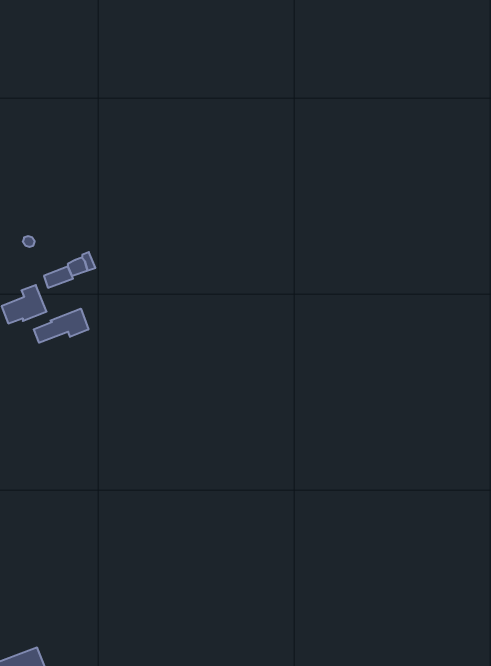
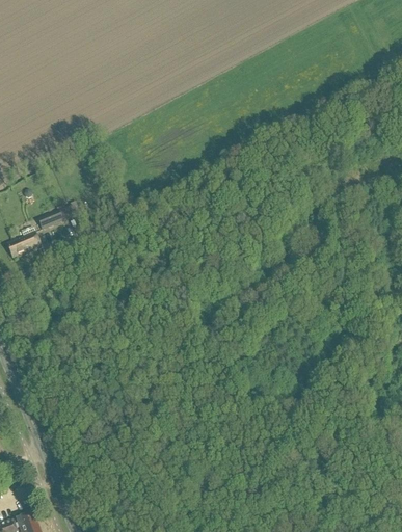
building: [34,309,88,343] -> none

